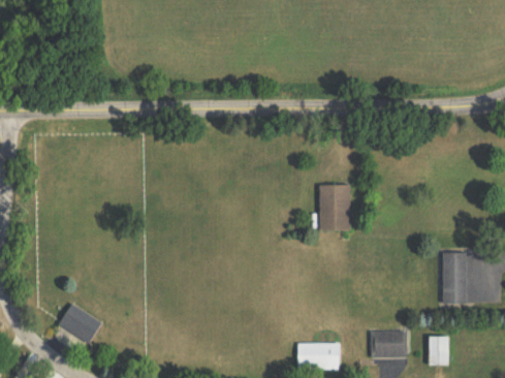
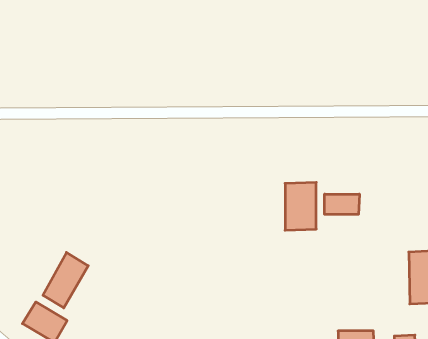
building: none -> [325,194,359,214]
building: none -> [43,252,88,308]

